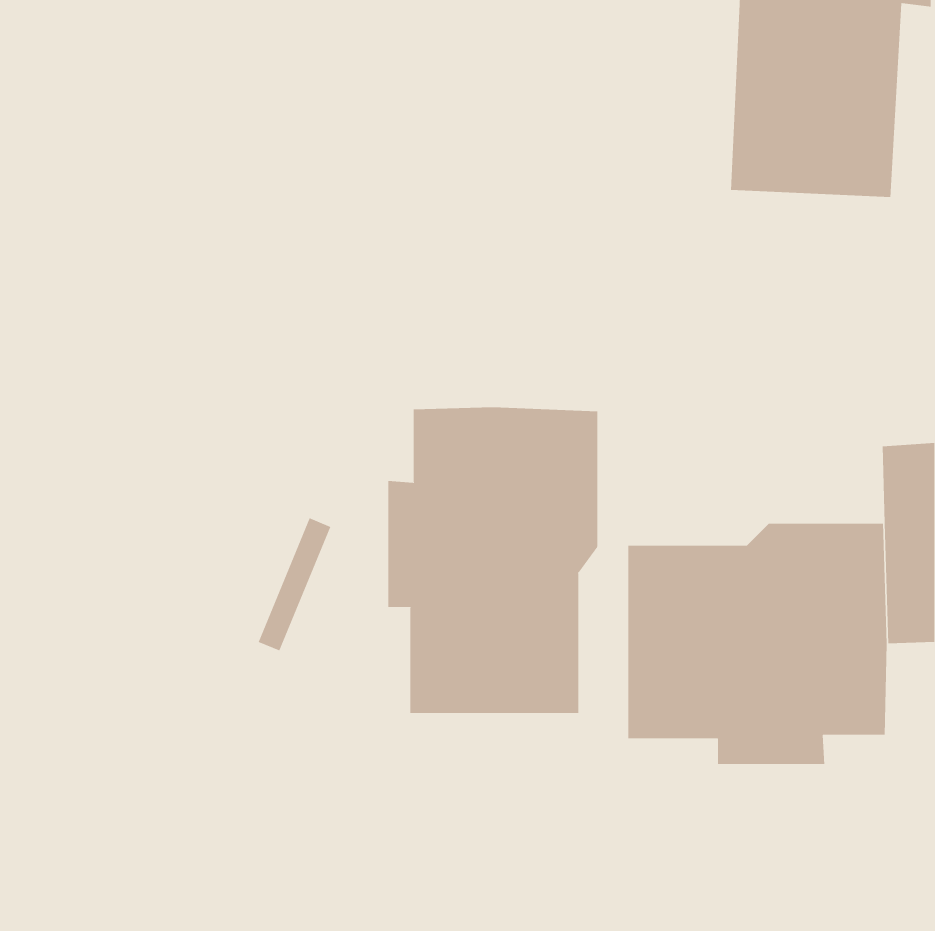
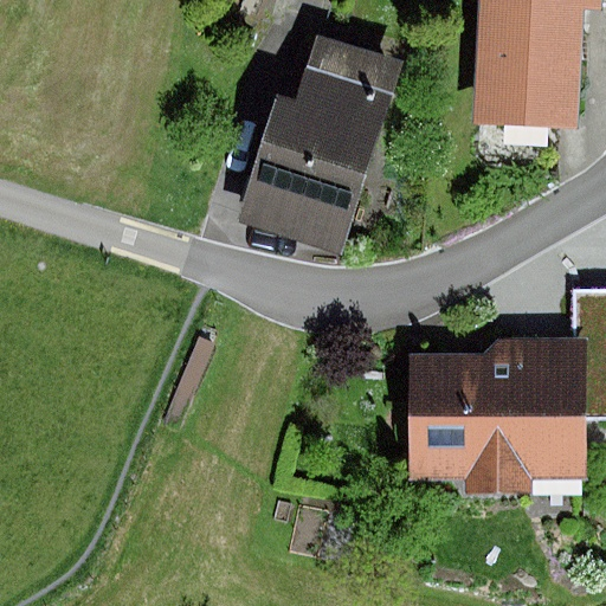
building: none -> [239,33,404,252]
building: [388,407,598,714] -> none

